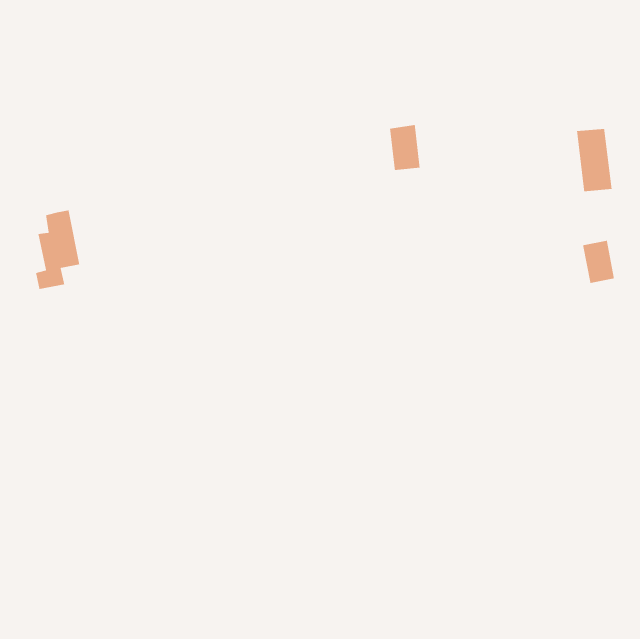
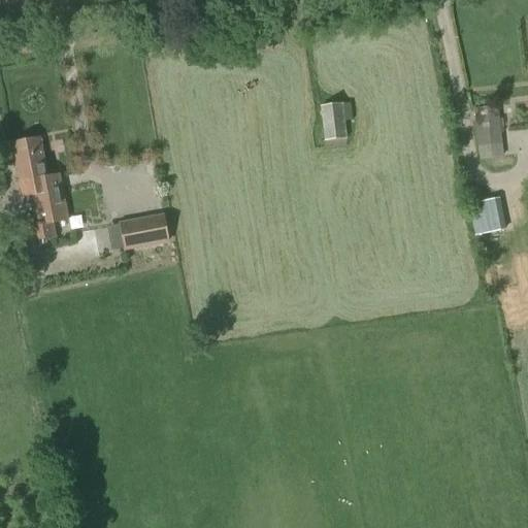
building: none -> [9,135,46,194]
building: none -> [120,212,170,251]

